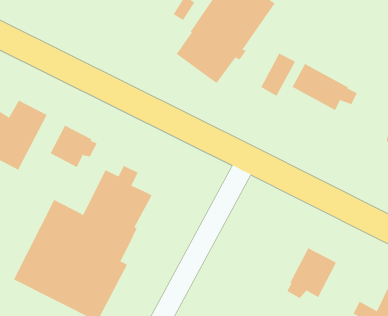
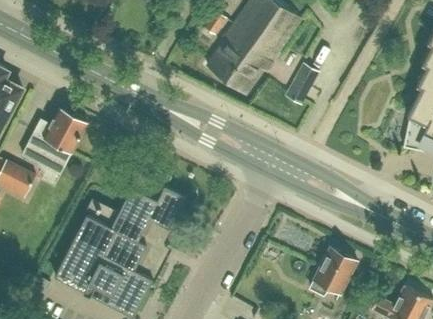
building: [292,63,358,111] -> none
building: [50,125,97,168] -> none

